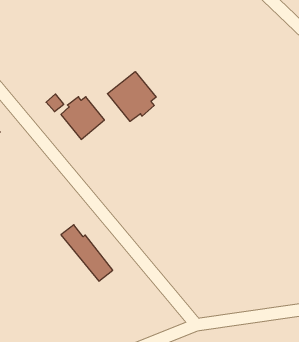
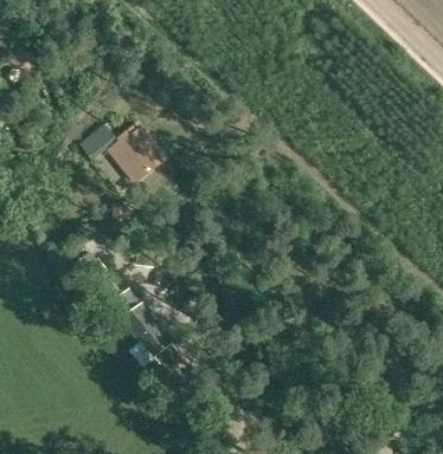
building: [107,72,156,121] -> none

